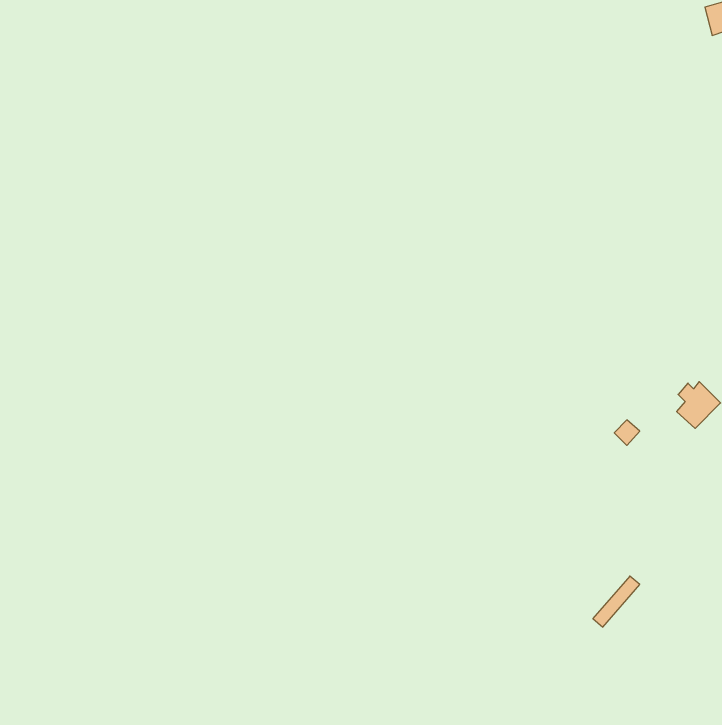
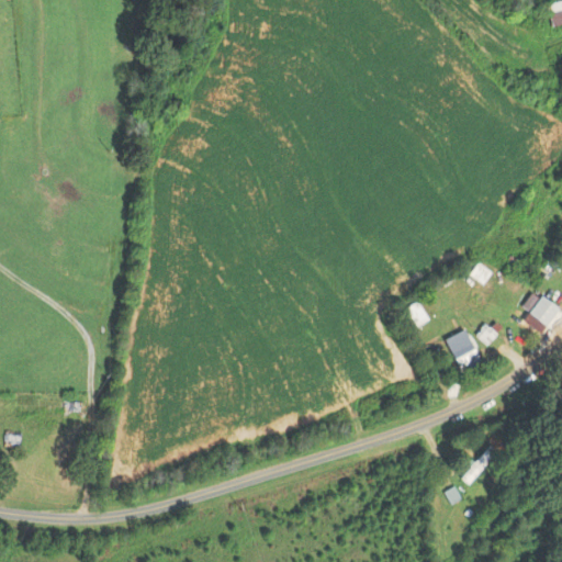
building: none -> [446,329,481,368]

